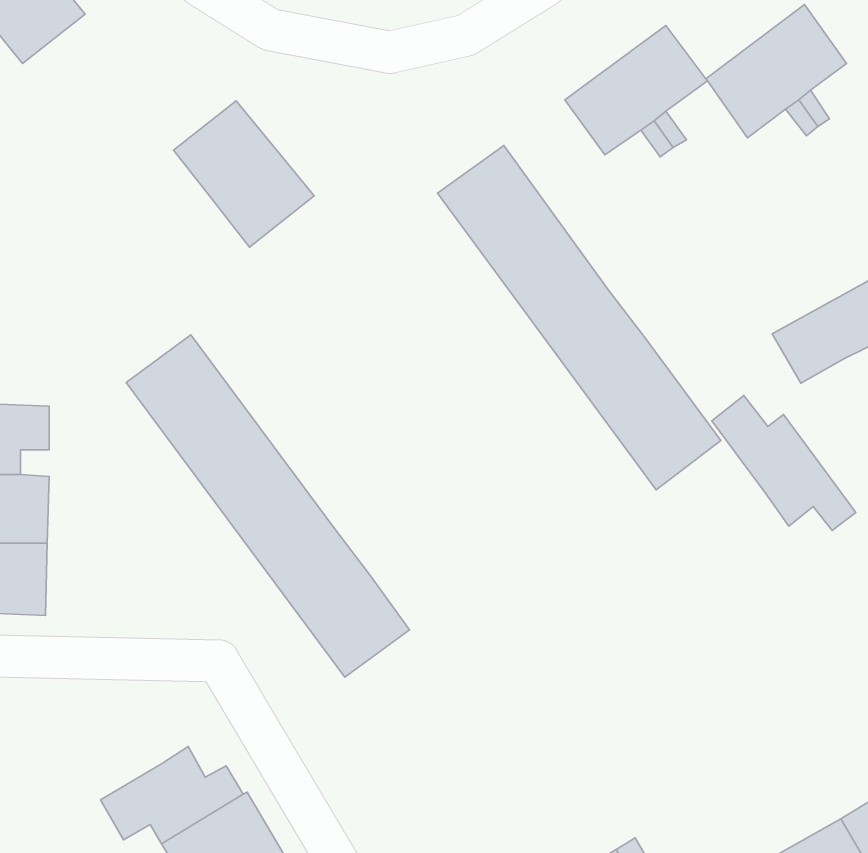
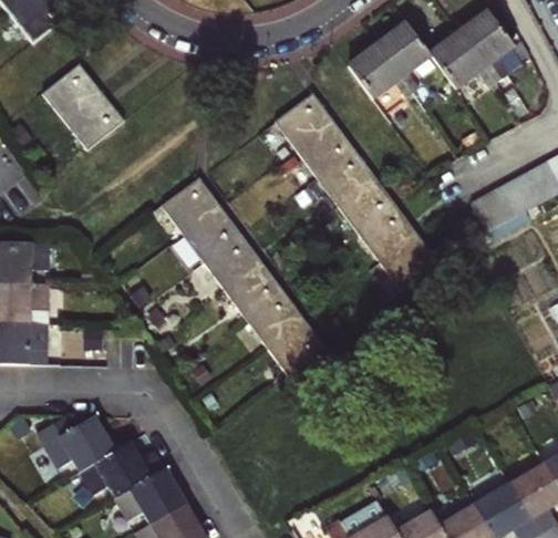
building: [173,101,314,247] -> [43,64,125,149]
building: [126,335,410,677] -> [161,176,326,375]
building: [712,395,856,530] -> none
building: none -> [37,416,114,473]

